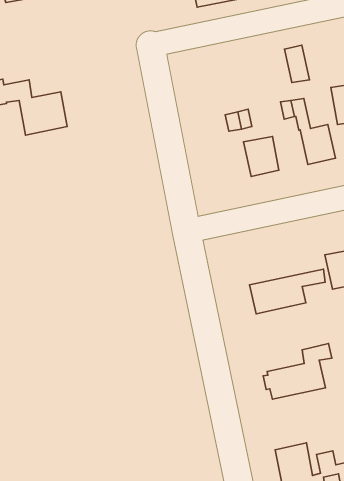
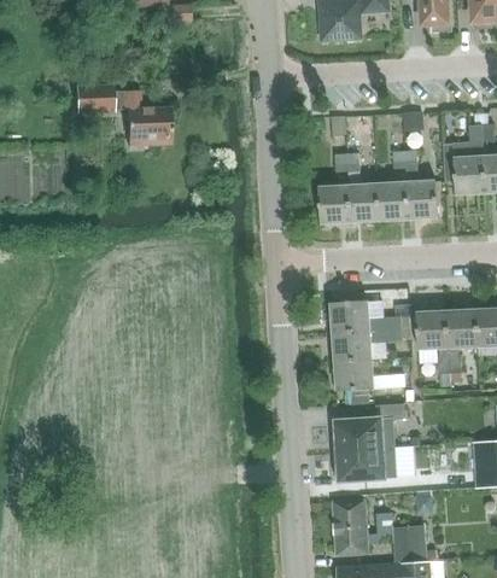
building: none -> [378,181,409,218]
building: none -> [318,185,350,222]
building: none -> [329,299,409,331]
building: none -> [334,358,404,390]
building: none -> [334,446,394,479]

